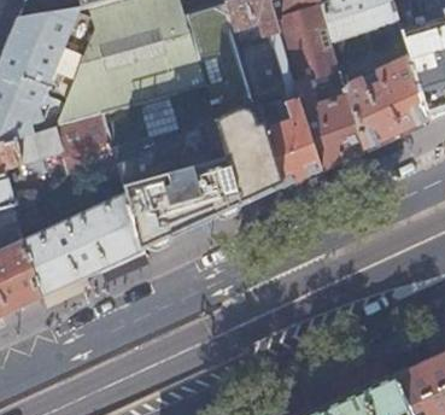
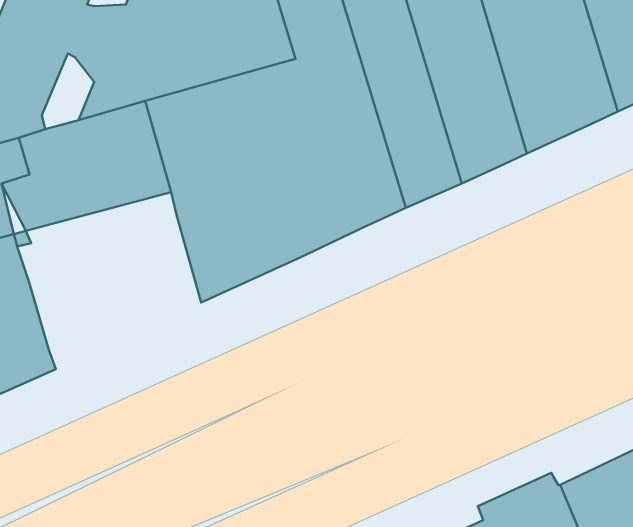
building: [25,191,144,297] -> none

